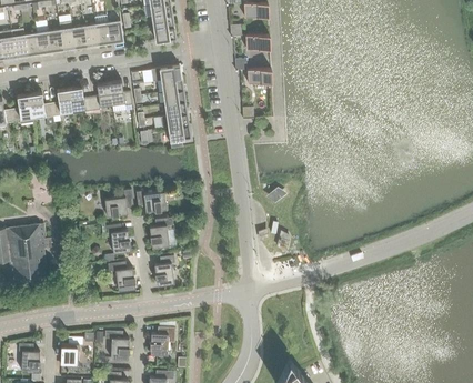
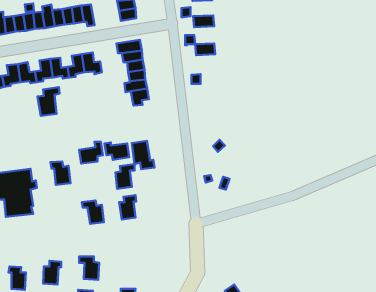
building: none -> [37,87,60,116]
building: none -> [132,141,154,169]
building: [105,224,130,253] -> [51,161,70,185]
building: [150,326,174,355] -> none

